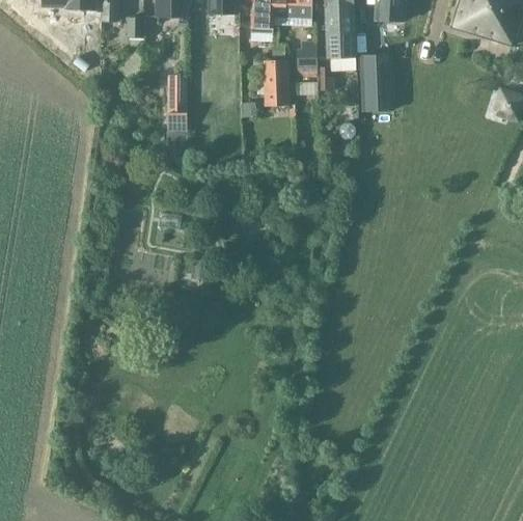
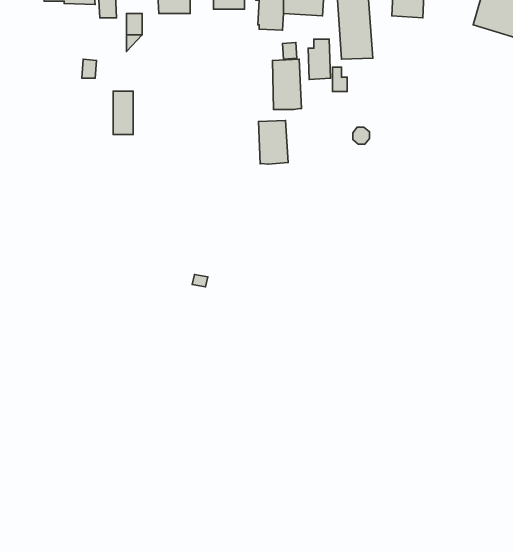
building: [360,54,393,109] -> none
building: [167,87,186,128] -> [113,91,133,135]
building: none -> [259,120,288,164]

